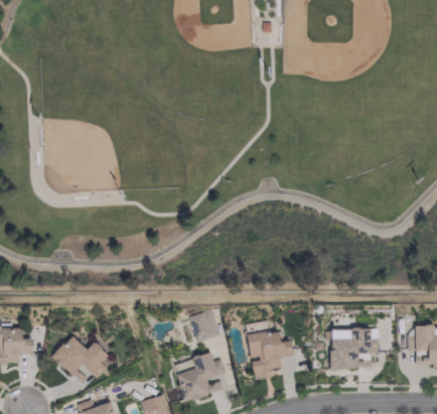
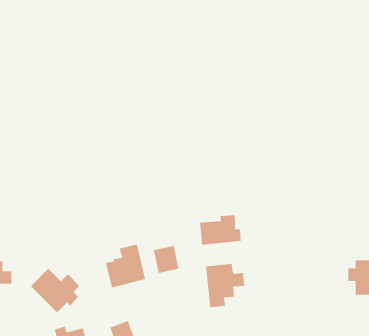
building: none -> [199,214,241,245]
building: [330,328,371,368] -> none
building: [176,351,222,400] -> [105,244,146,288]

